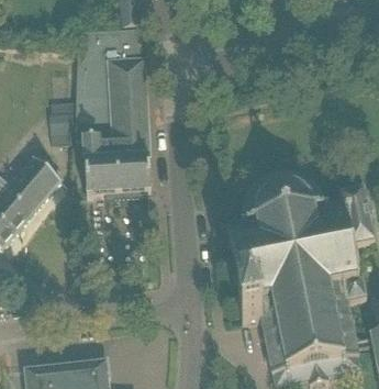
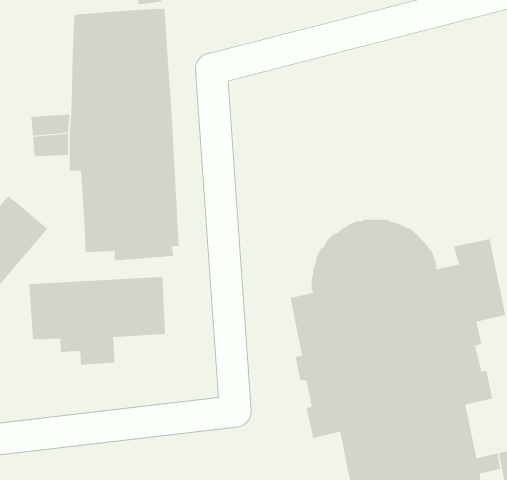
building: none -> [29,276,165,366]

